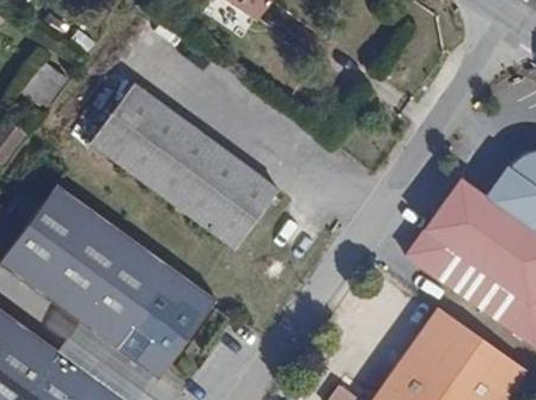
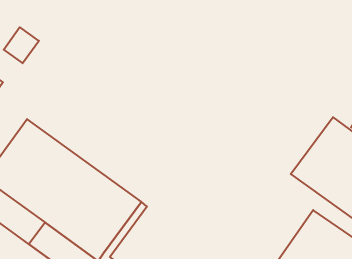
building: [89,87,276,248] -> none

